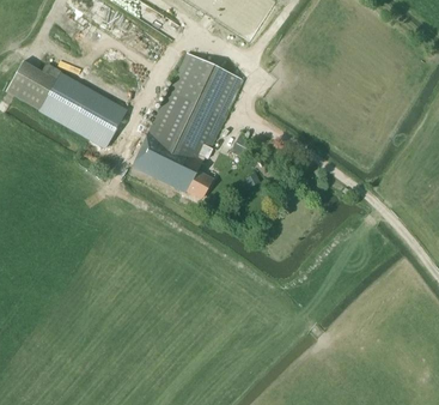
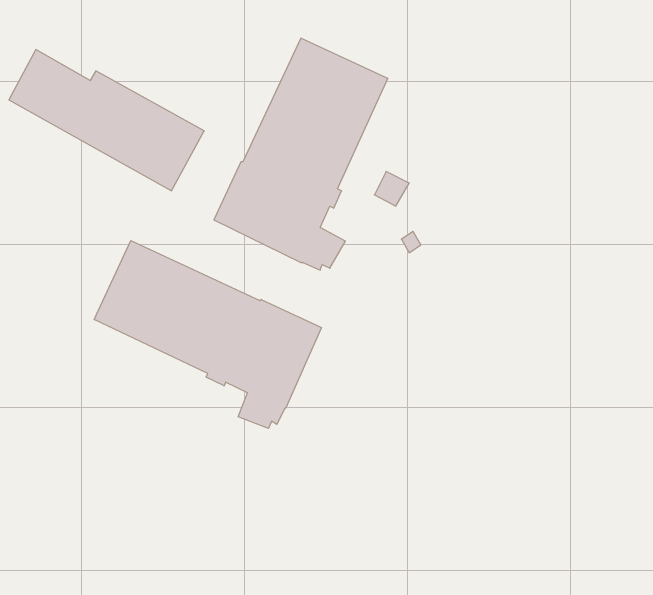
building: none -> [94,241,321,428]

